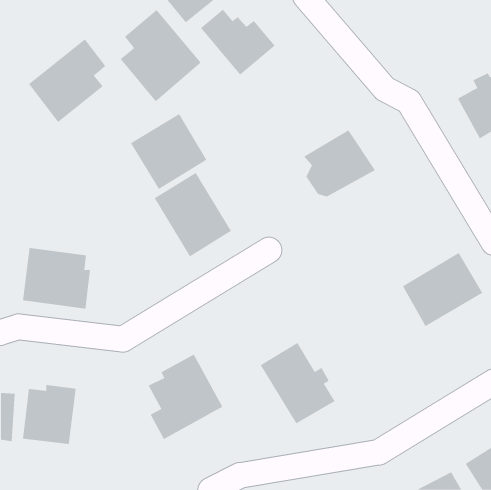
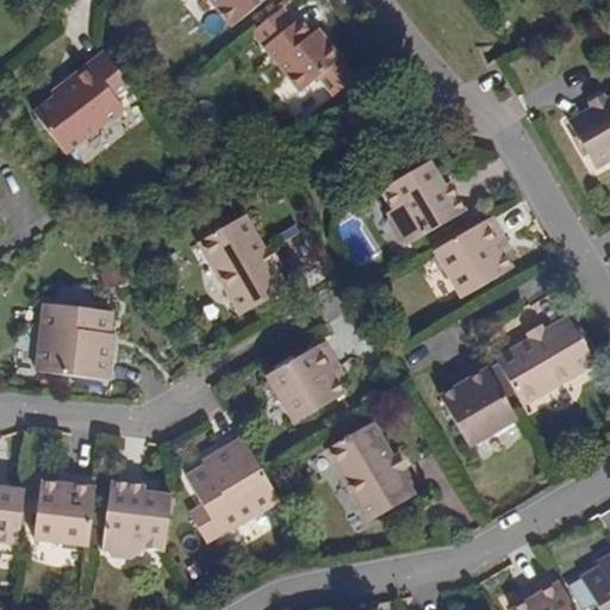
building: [120,9,202,102] -> none
building: [130,113,207,190] -> none
building: none -> [432,217,515,298]
building: none -> [262,337,348,425]
building: none -> [438,357,521,442]
building: none -> [100,480,169,559]

